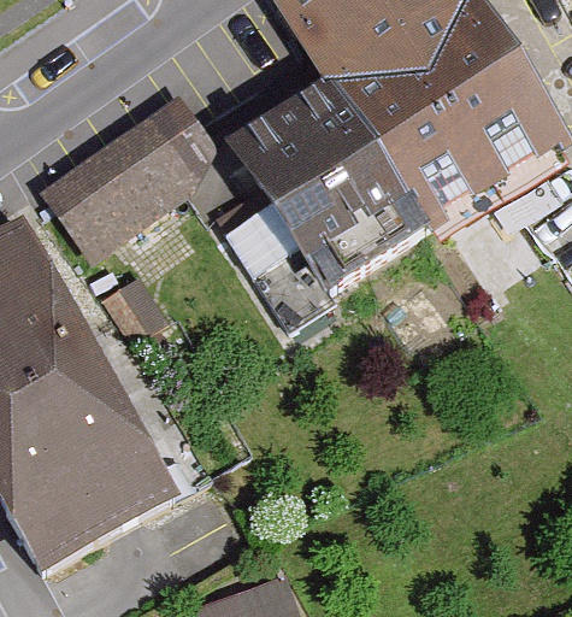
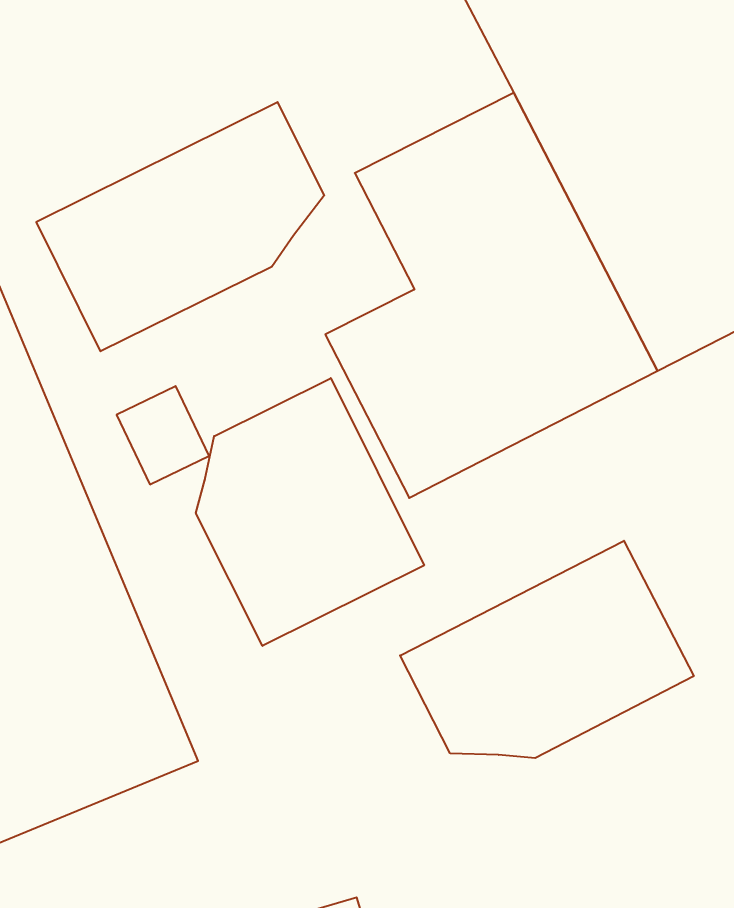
building: none -> [196,378,424,646]
building: none -> [400,541,694,758]

